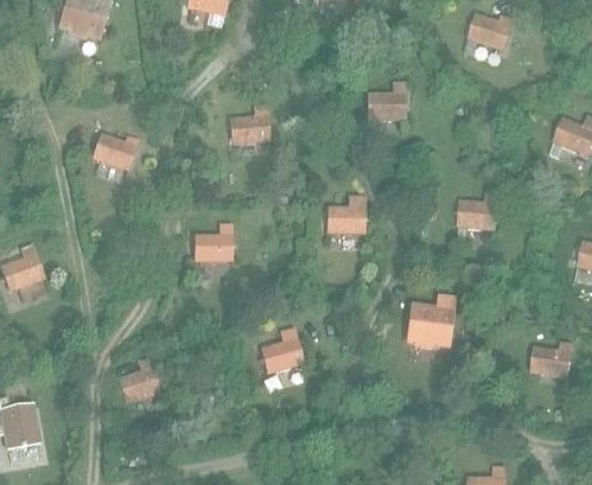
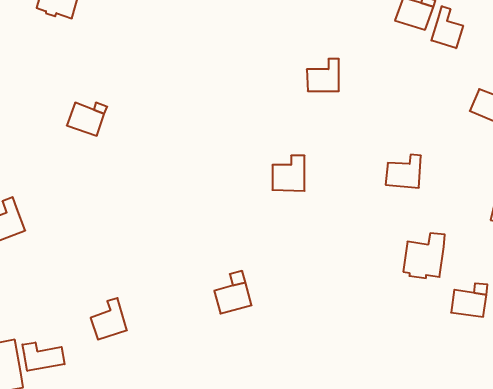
building: none -> [431,6,463,48]
building: [229,104,268,145] -> none
building: [193,235,231,261] -> none
building: [406,294,453,345] -> [403,233,445,278]
building: none -> [22,342,65,371]

